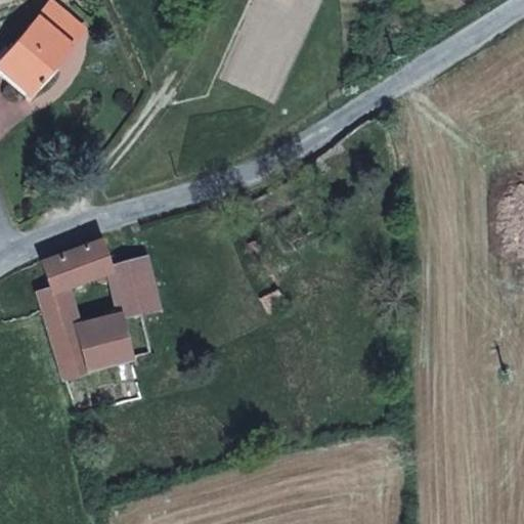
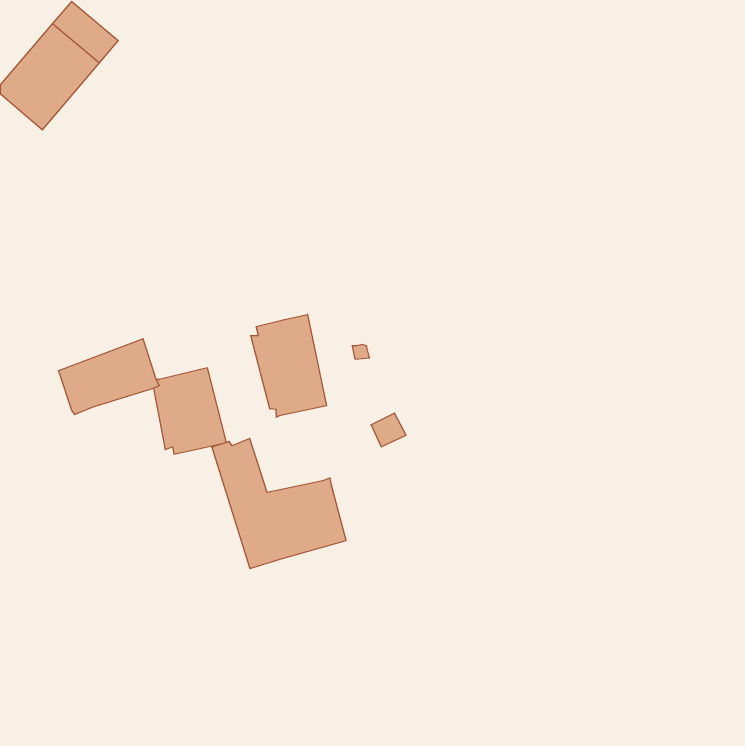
building: none -> [251,314,327,417]
building: [39,286,133,377] -> [212,438,346,568]

